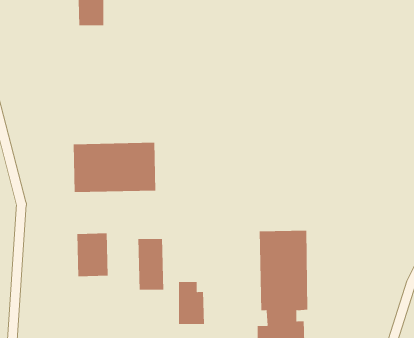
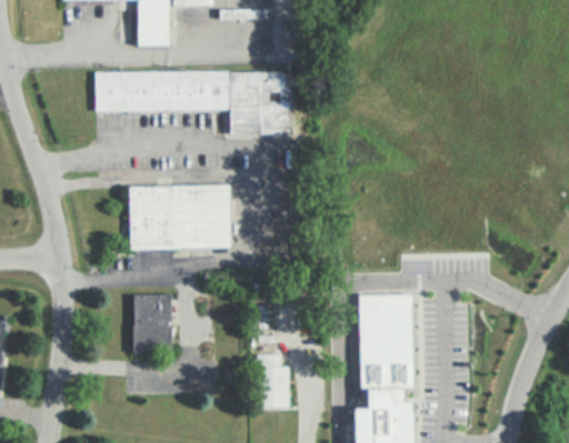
building: none -> [97,72,295,134]
building: [138,238,164,291] -> none

